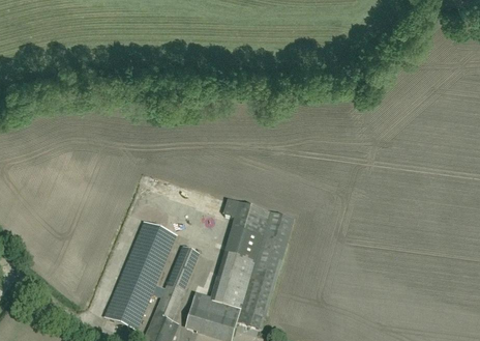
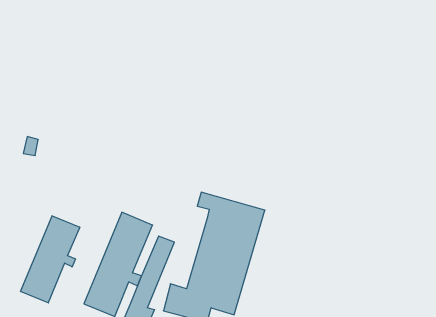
building: none -> [20,216,80,303]

